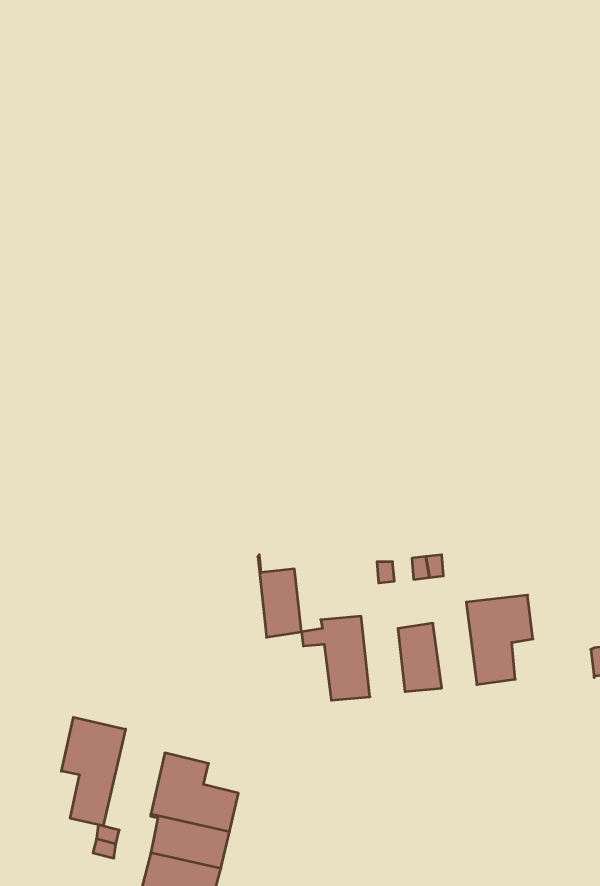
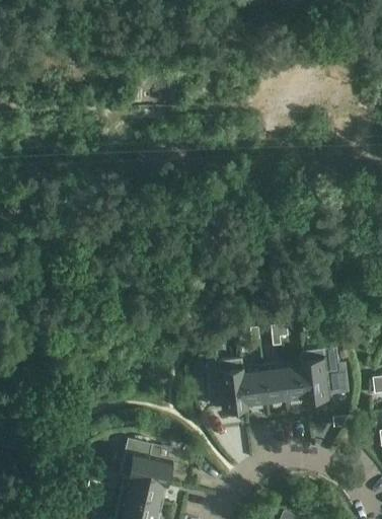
building: [258,555,301,637] -> [243,360,269,407]
building: none -> [285,353,310,402]
building: [61,717,126,826] -> none

